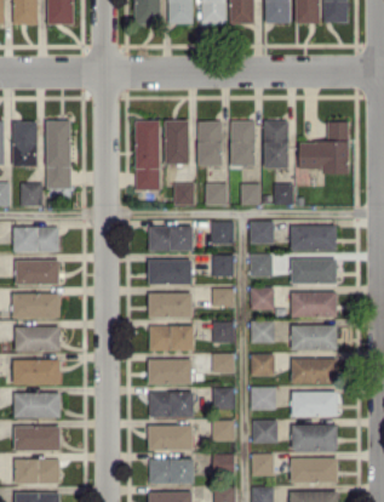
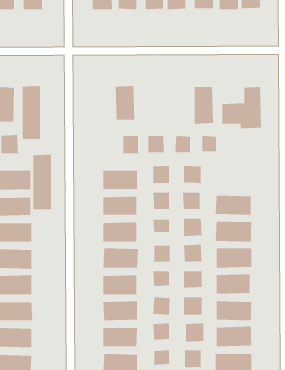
building: [134,120,159,190] -> [33,154,52,210]
building: [196,121,222,166] -> none
building: [230,121,254,166] -> none
building: [291,226,336,251] -> none

